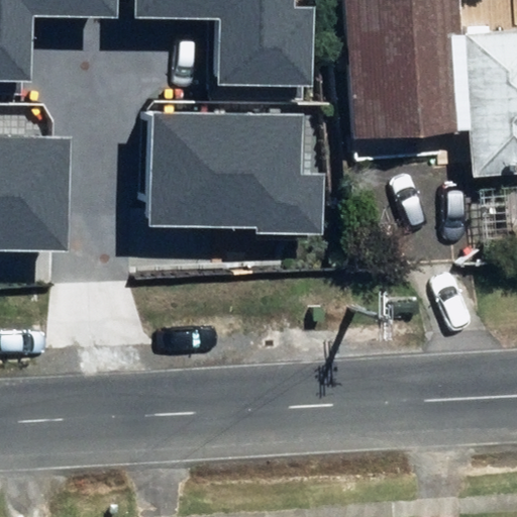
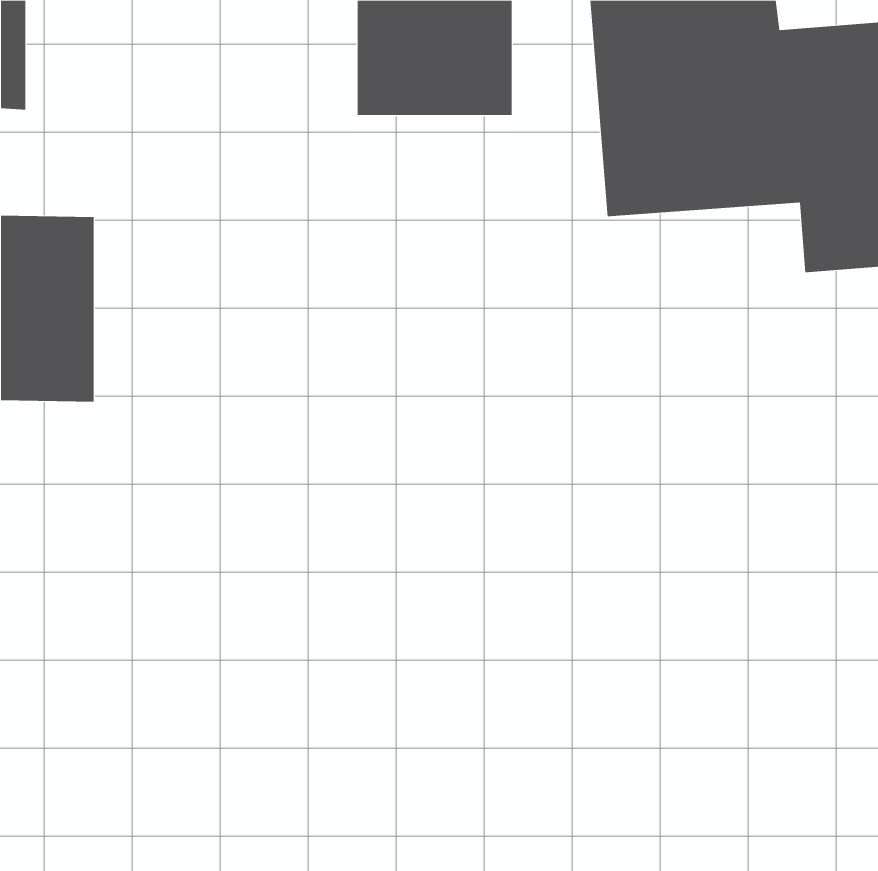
building: [150,113,319,226] -> none

